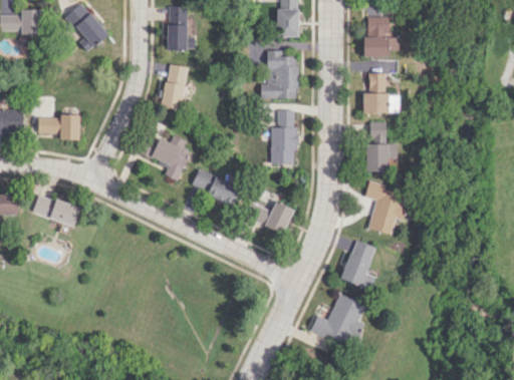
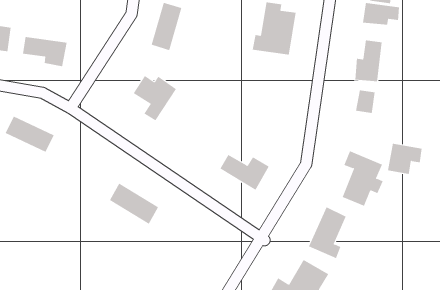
building: [271,109,295,163] -> none
building: [365,143,397,171] -> [387,143,423,175]
building: [191,169,240,206] -> [109,183,159,225]

